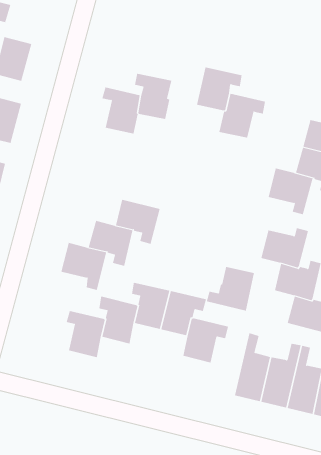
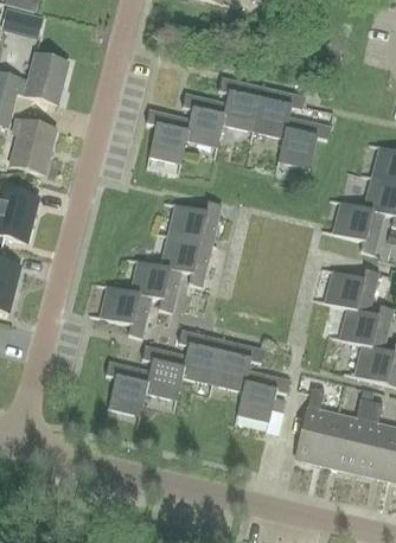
building: none -> [218,78,262,129]
building: none -> [168,200,222,247]
building: [206,266,255,311] -> none

